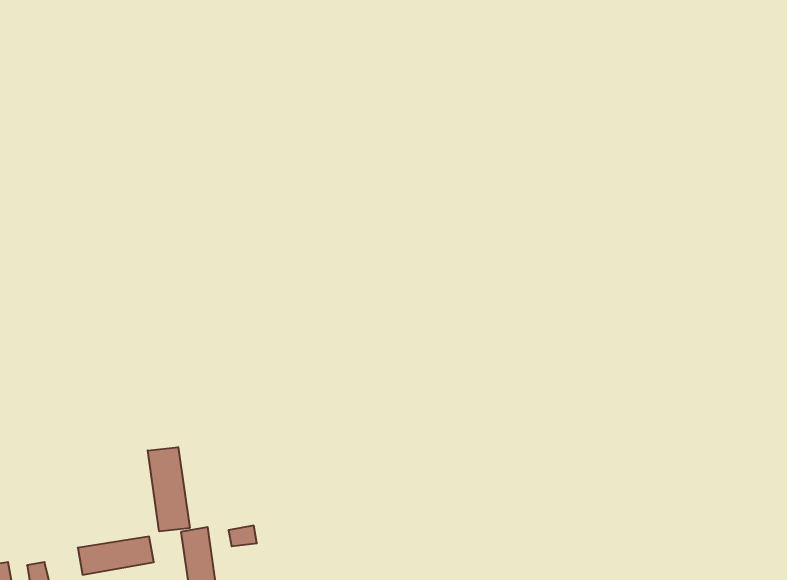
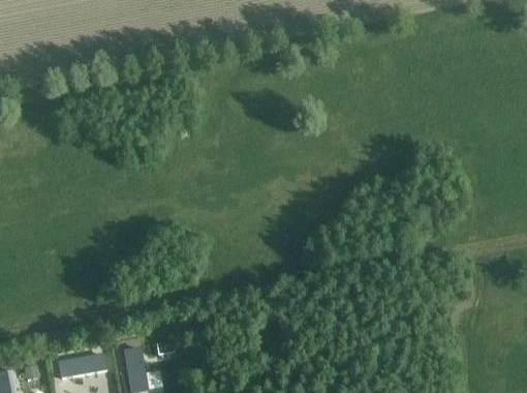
building: [148,447,190,531] -> none

